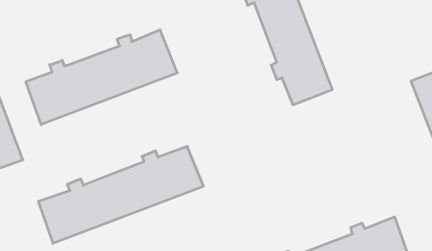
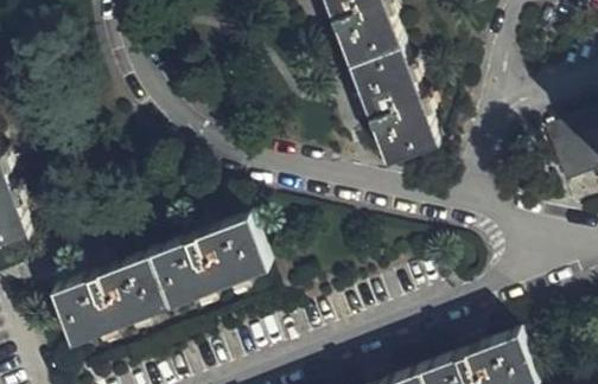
building: [26,30,177,125] -> none

